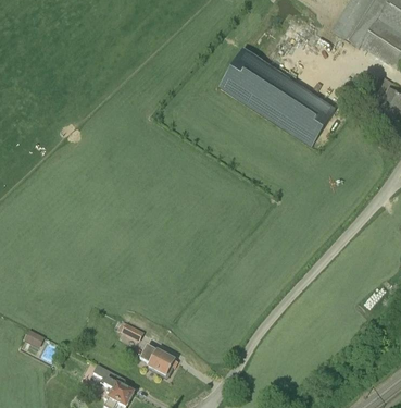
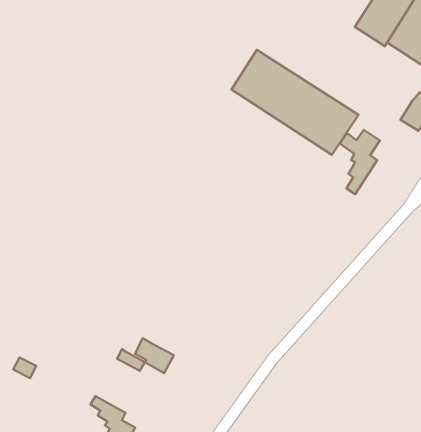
building: none -> [340,130,380,194]
building: [140,343,175,374] -> [135,338,174,373]

